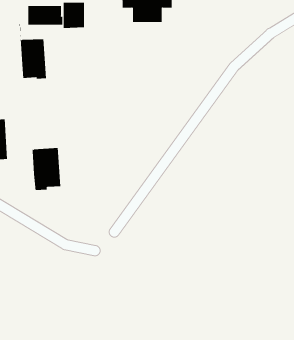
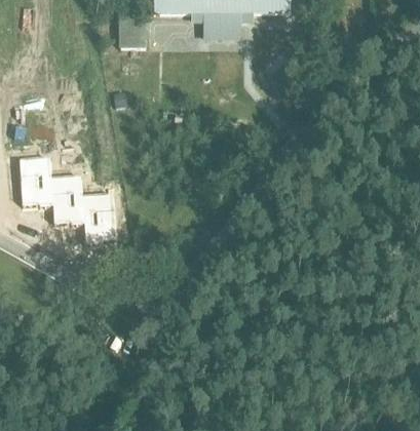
building: [28,5,63,26] -> none
building: [19,23,47,79] -> [49,156,83,224]

